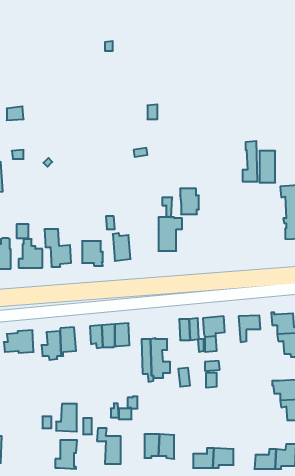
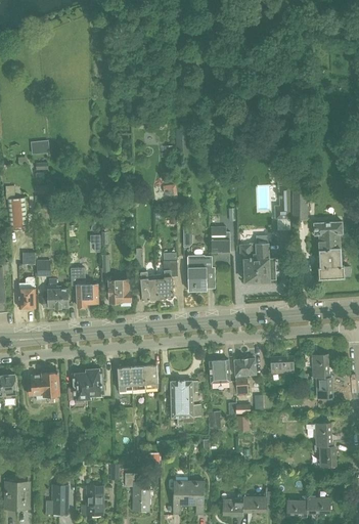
building: none -> [239,243,275,281]
building: none -> [156,260,177,298]
building: [56,404,77,432] -> [46,485,68,514]

